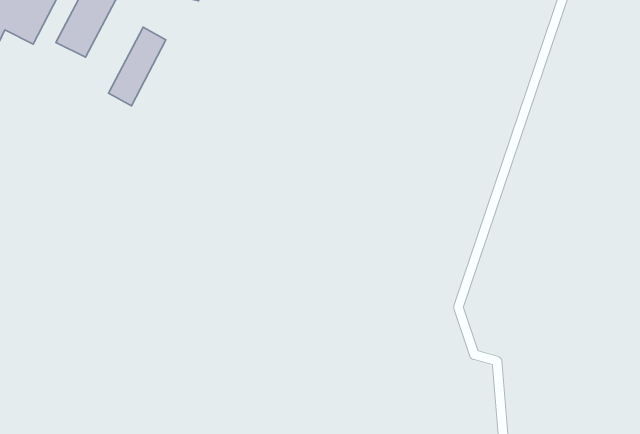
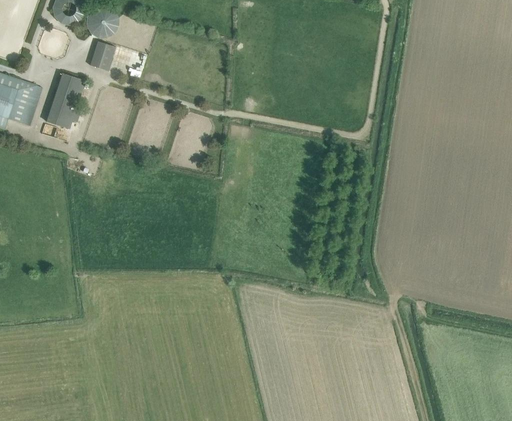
building: [109,27,166,106] -> none

